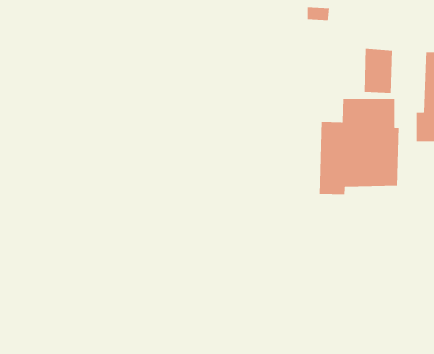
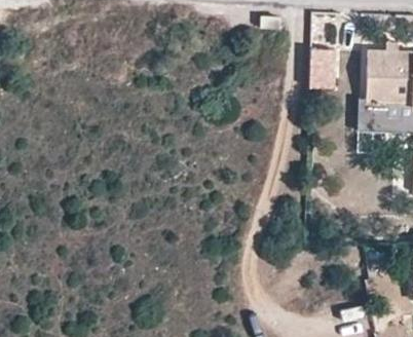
building: [319,98,400,195] -> none

